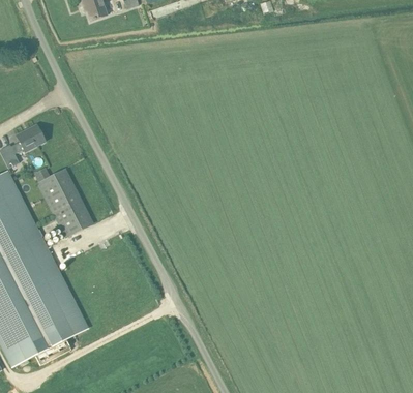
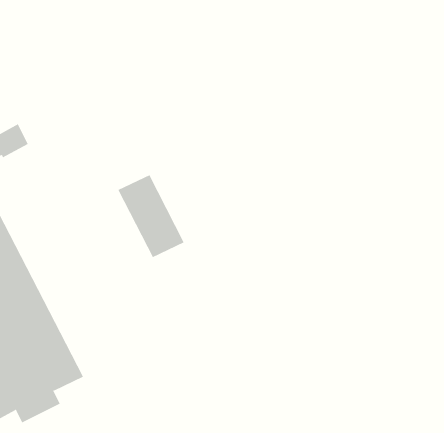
building: [37,170,91,237] -> [118,174,185,258]

